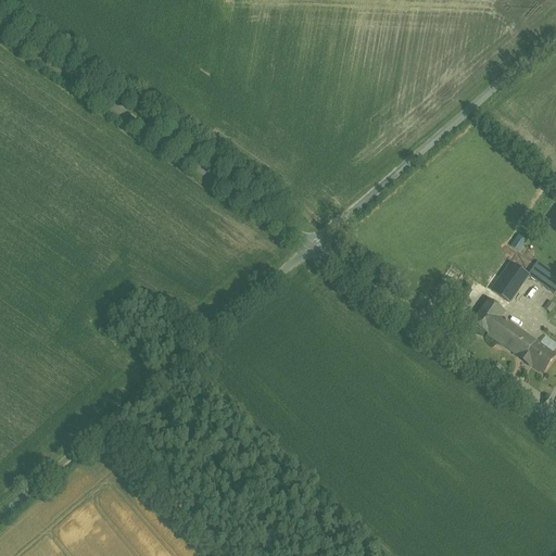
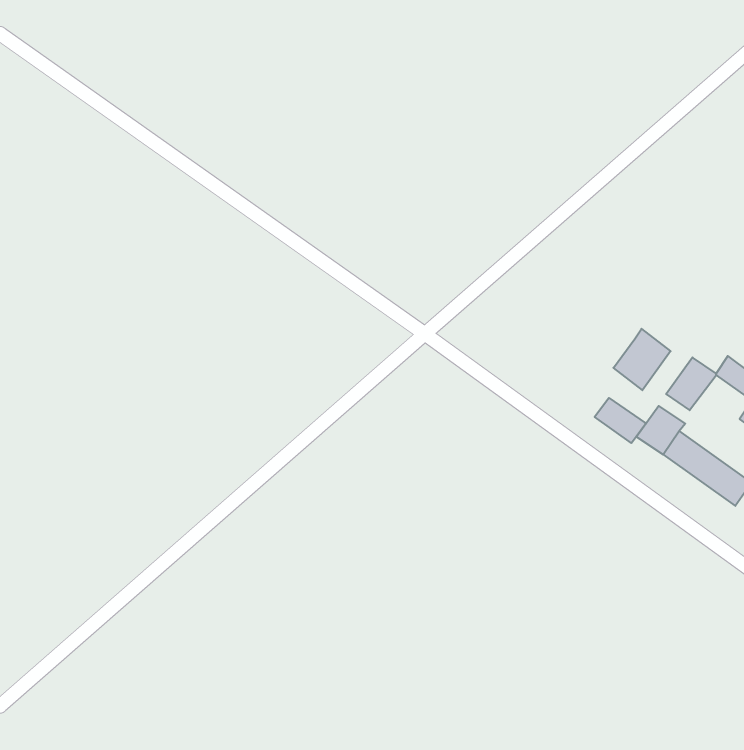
building: none -> [613,329,671,390]
building: none -> [595,398,646,443]

